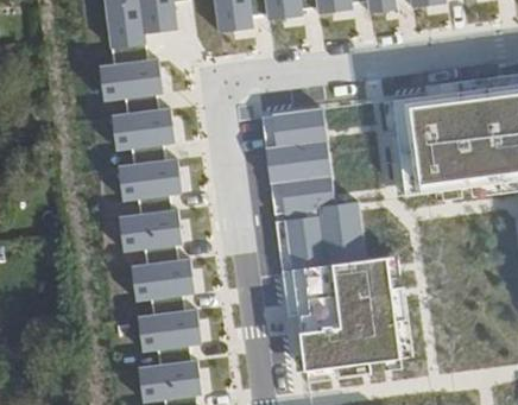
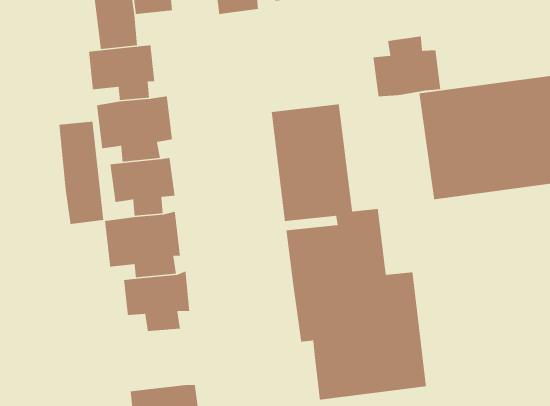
building: none -> [373,35,441,97]
building: none -> [58,121,104,225]
building: [137,308,200,362] -> none

